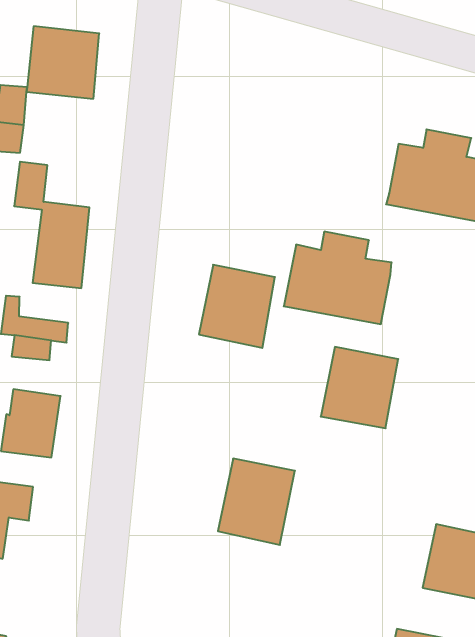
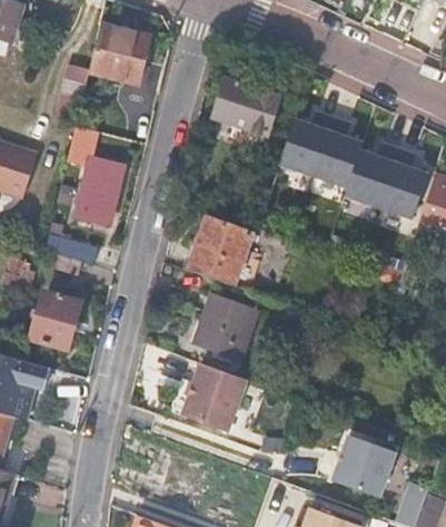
building: none -> [216,76,280,133]
building: [284,232,392,324] -> [277,111,361,186]
building: [321,347,398,428] -> [198,296,261,362]

